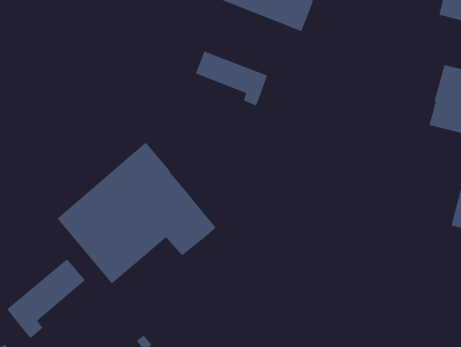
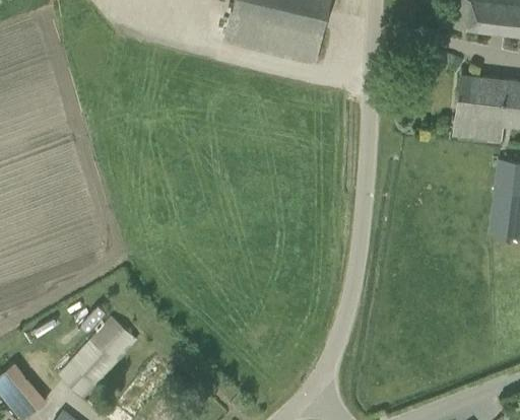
building: [195,51,268,107] -> none
building: [56,142,217,284] -> none

